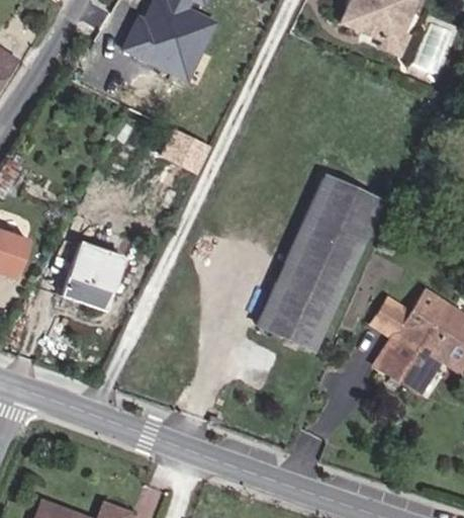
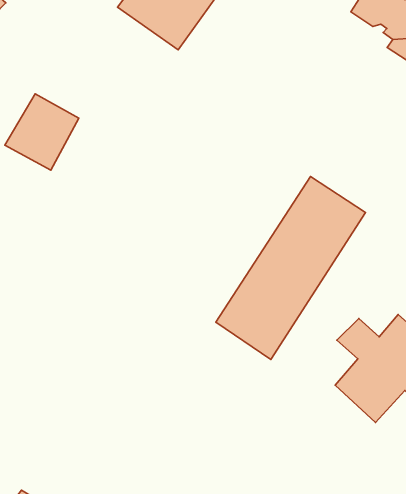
building: [61,243,124,311] -> [5,94,79,170]

